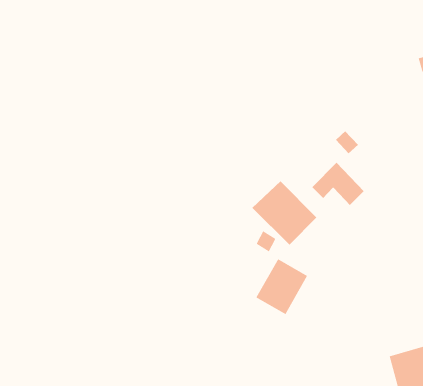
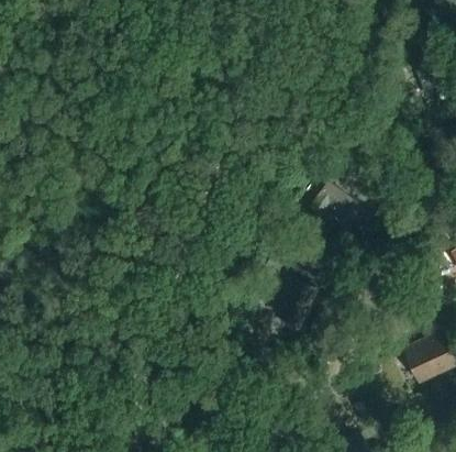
building: [252,181,317,245] -> none

